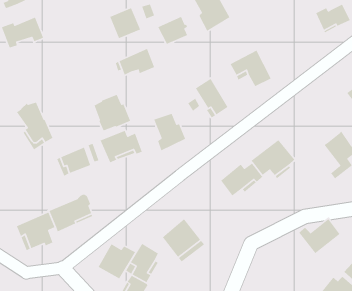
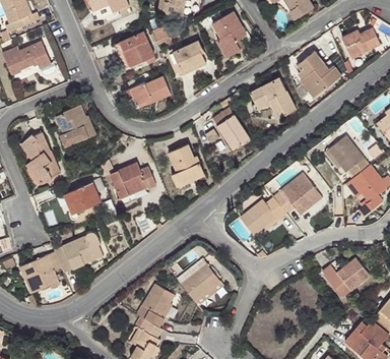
building: none -> [297,51,341,97]
building: [94,94,131,131] -> [56,105,96,145]
building: none -> [328,135,369,177]
building: [98,243,136,280] -> none

